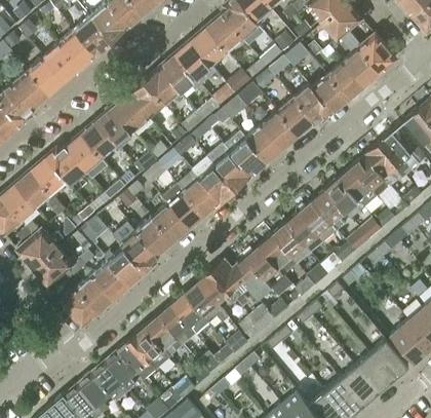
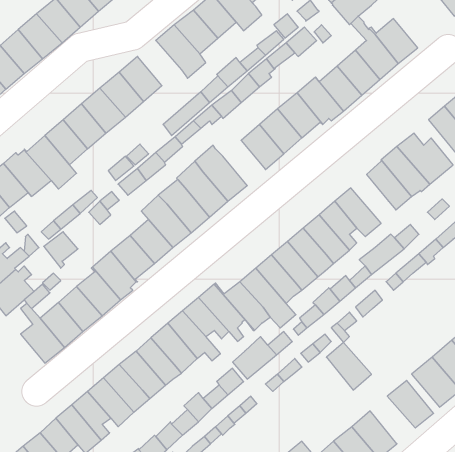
building: [159,53,201,91] -> none
building: [225,131,267,176] -> none
building: [339,166,377,207] -> none
building: [355,353,393,393] -> [326,343,371,390]

